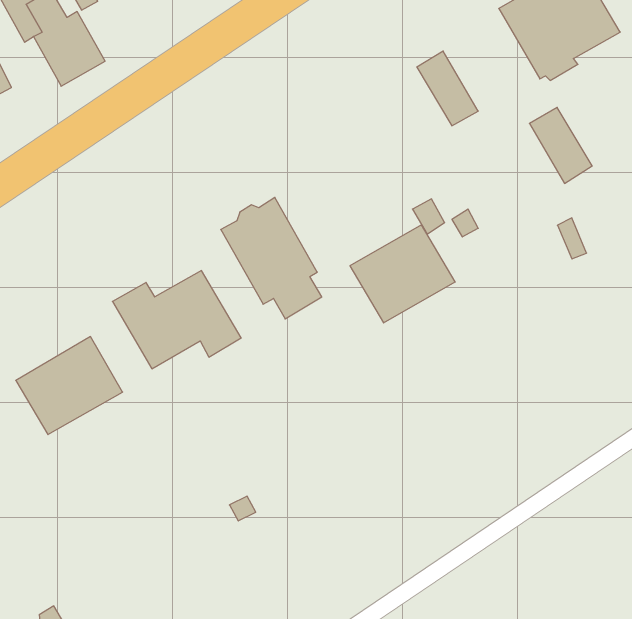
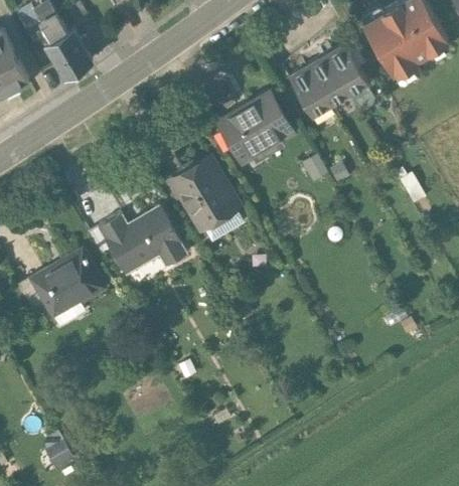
building: none -> [288,65,331,117]
building: [529,107,592,183] -> [325,43,368,96]
building: [350,225,455,323] -> [219,95,292,162]

